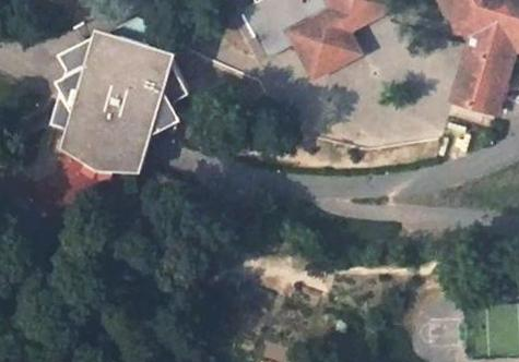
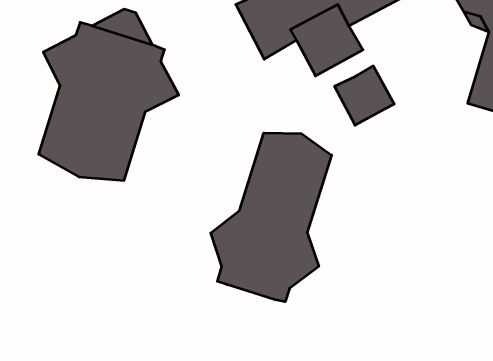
building: none -> [335,66,394,125]
building: none -> [211,133,332,302]

